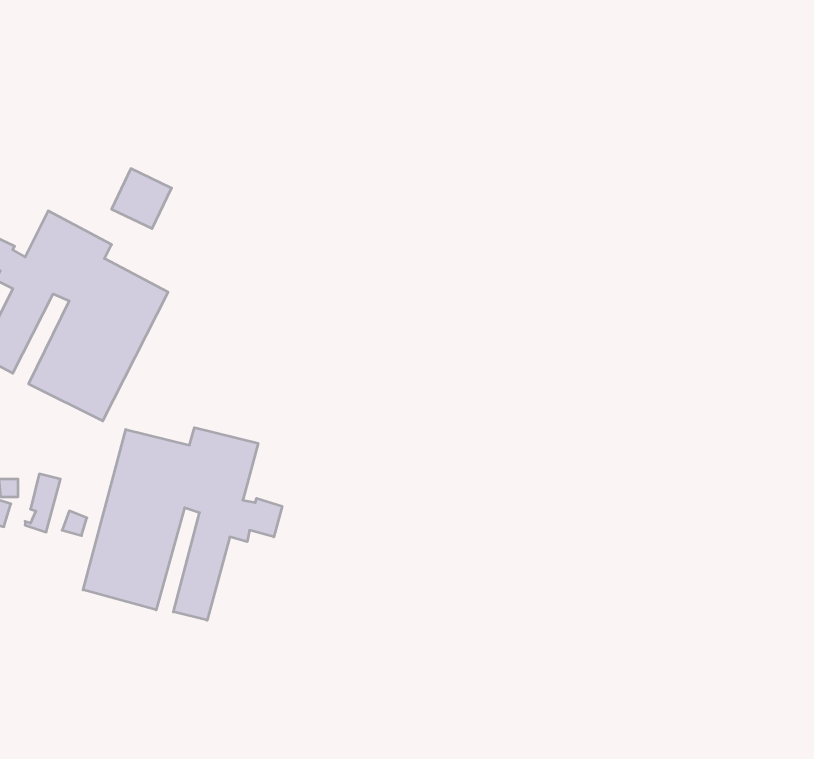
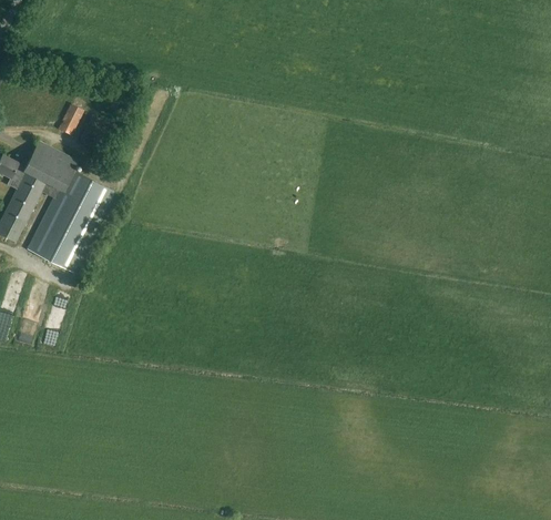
building: none -> [54,102,81,134]
building: [83,428,282,620] -> none

